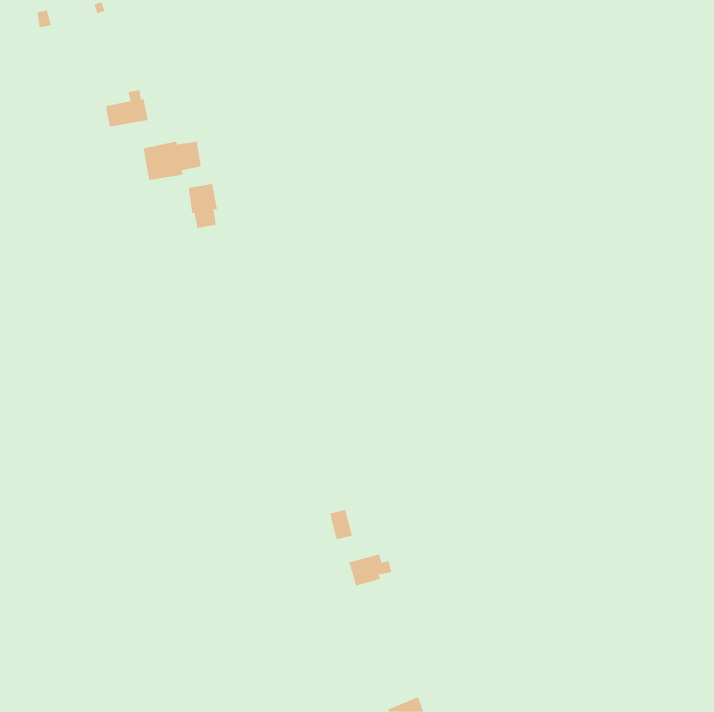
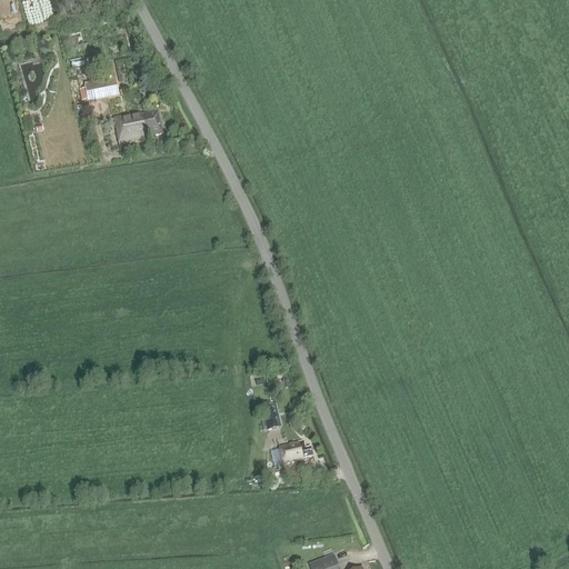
building: [188,183,217,229] -> none

